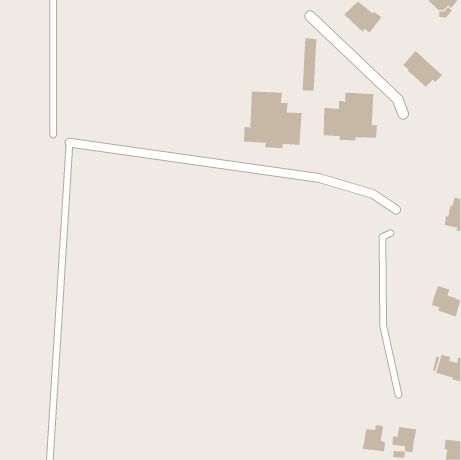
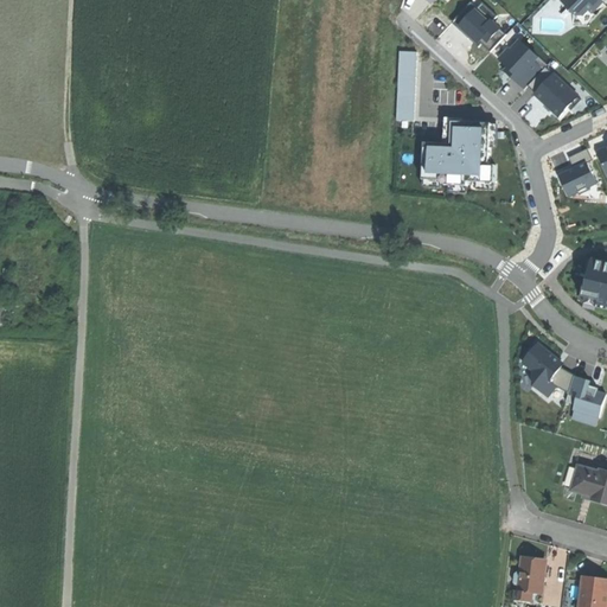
building: none -> [498,39,543,88]
building: [244,91,302,149] -> none
building: none -> [562,147,596,194]
building: none -> [522,341,574,396]
building: [362,424,385,452] -> none

